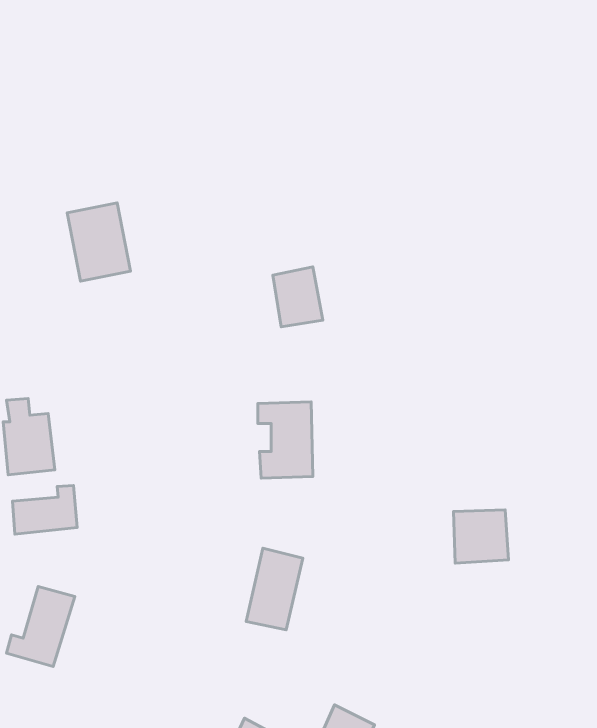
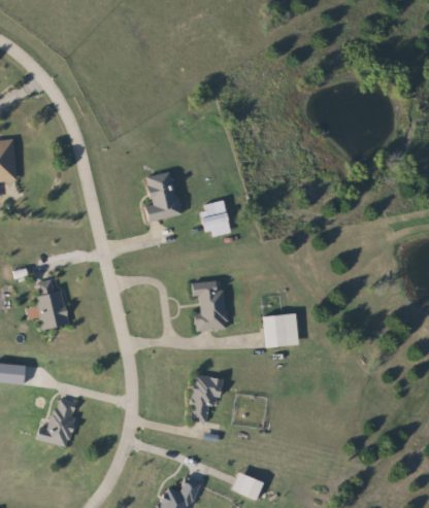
building: [67,203,130,281] -> [143,171,183,219]
building: [12,485,77,534] -> none
building: [454,510,509,563] -> [266,313,300,346]

